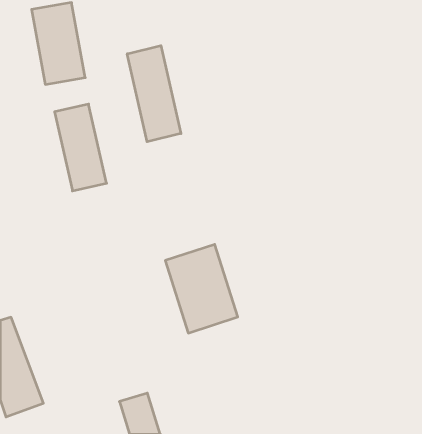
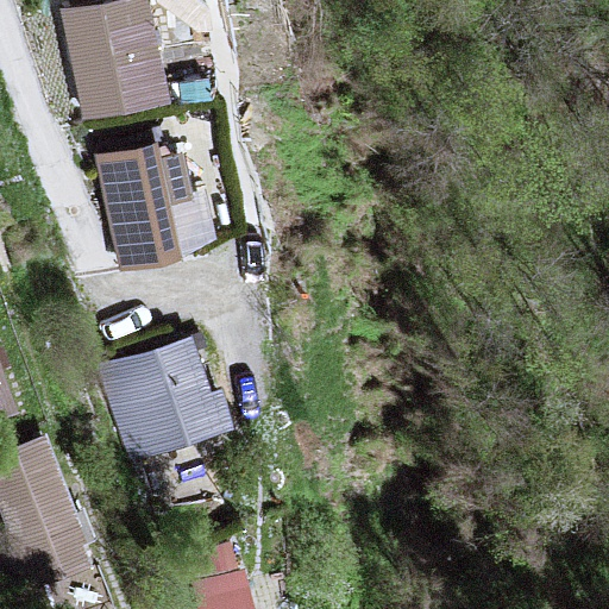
building: [127,46,181,142] -> none
building: [165,244,238,333] -> [107,337,208,460]

